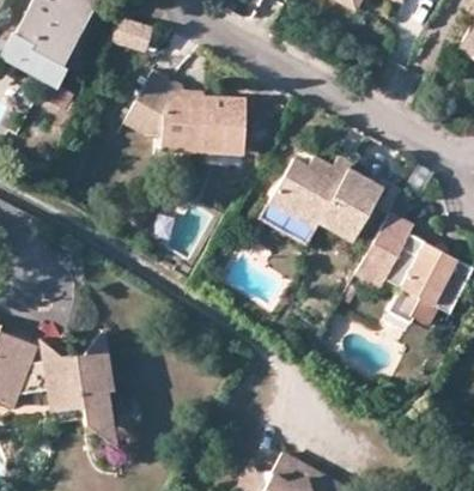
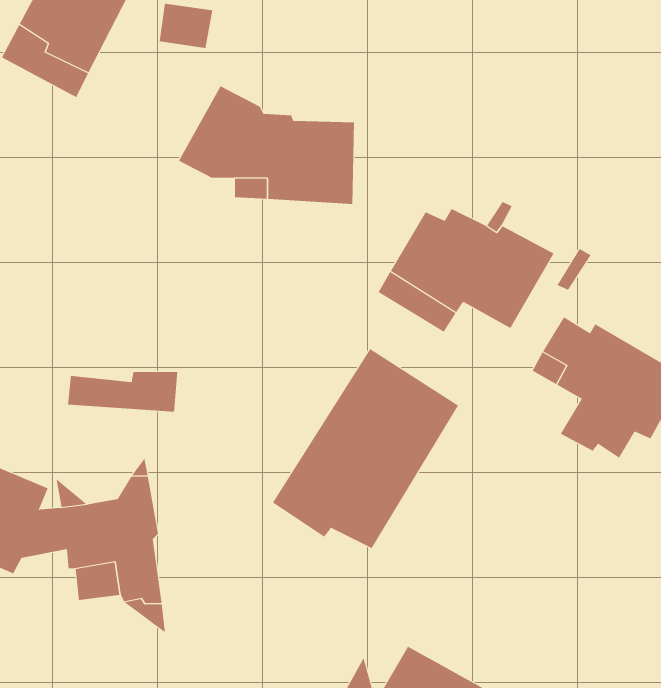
building: none -> [272,348,459,549]
building: none -> [68,371,178,412]

